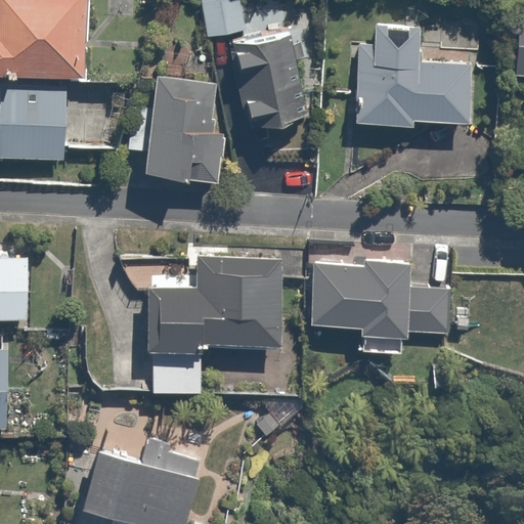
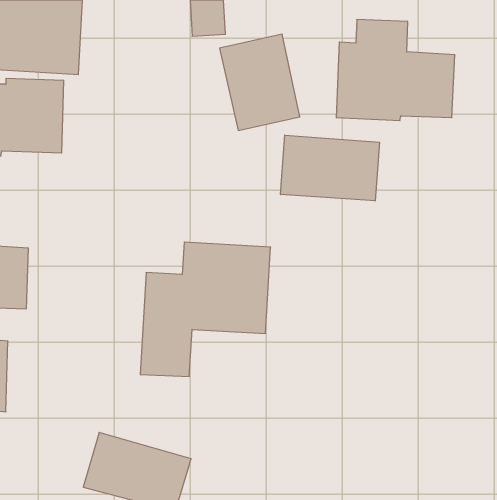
building: [127,73,226,176] -> none
building: none -> [281,135,379,201]
building: [308,259,450,342] -> none

